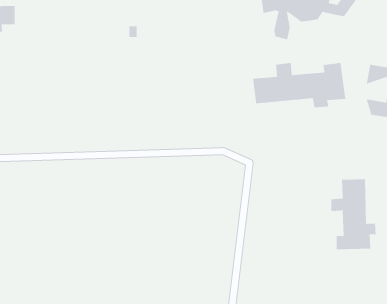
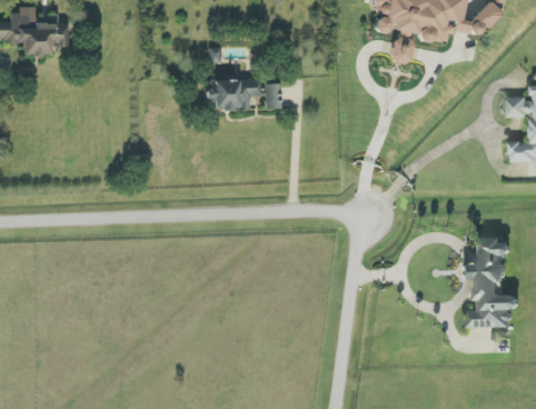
building: none -> [206,78,280,109]
building: [253,62,346,108] -> none

